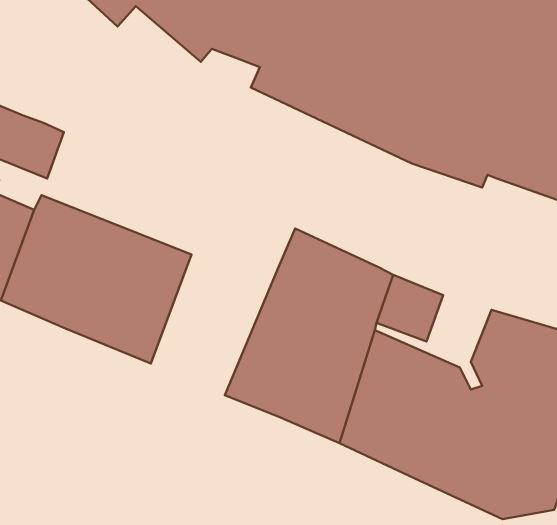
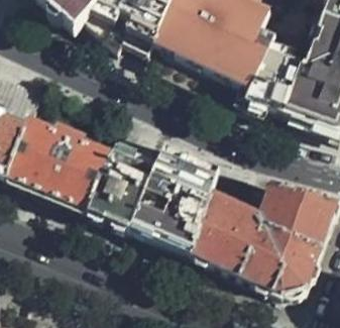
building: none -> [87,139,156,226]

